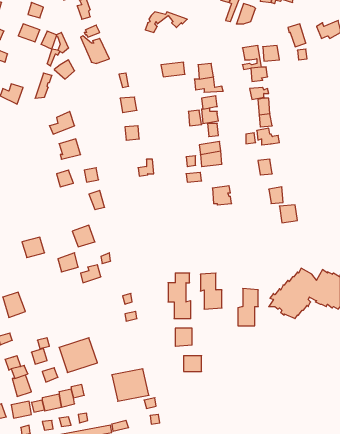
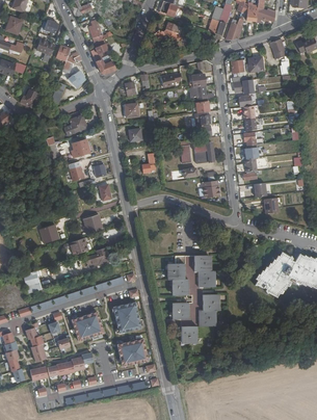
building: [238,289,258,326] -> [197,292,215,324]
building: none -> [112,301,141,335]

